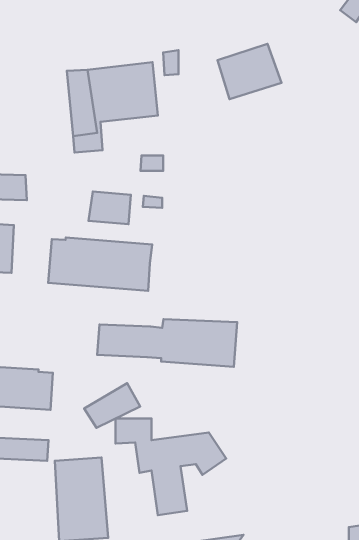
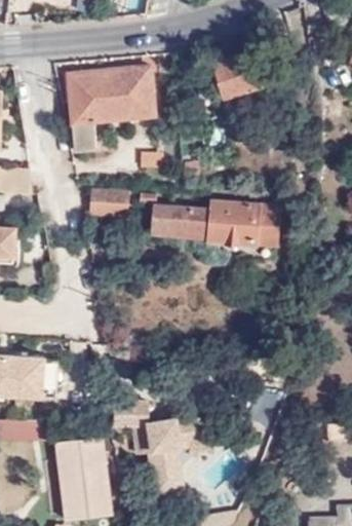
building: [48,237,152,291] -> none
building: [97,319,237,367] -> [150,201,282,247]
building: [84,383,140,428] -> none

